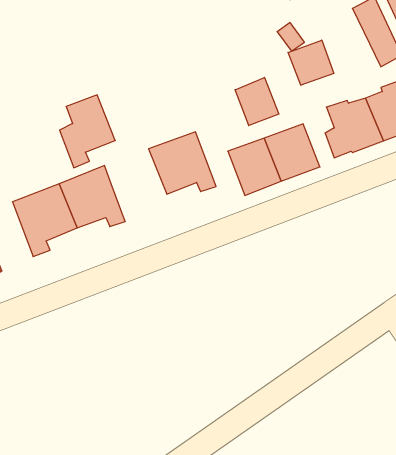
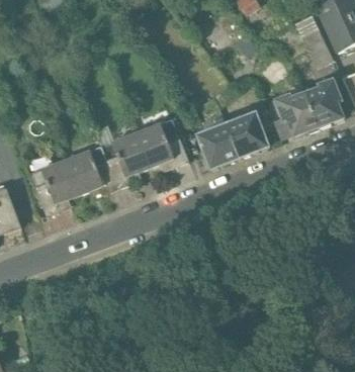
building: [288,40,334,85] -> none
building: [235,77,279,126] -> none
building: [60,95,115,168] -> [107,131,151,188]

